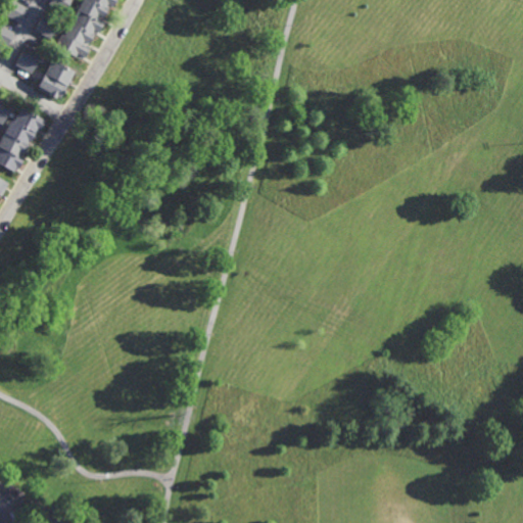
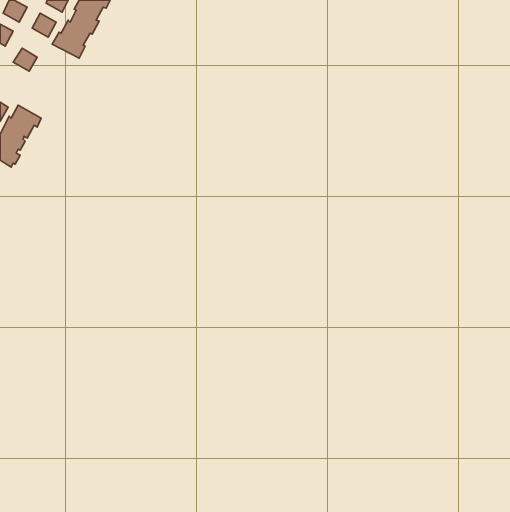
building: [38,59,74,98] -> none

